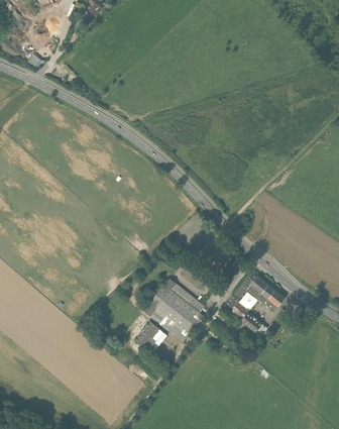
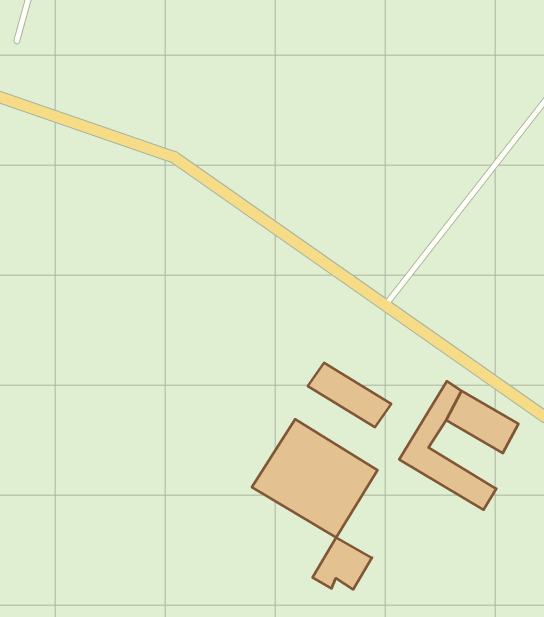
building: none -> [308,363,391,427]
building: [135,321,167,349] -> [313,538,372,589]

